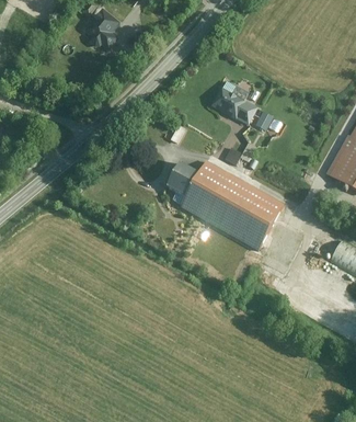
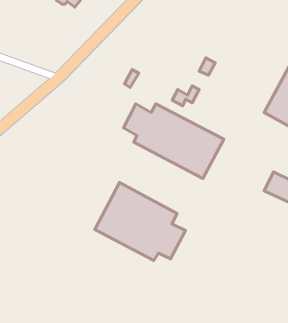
building: [209,85,244,117] -> none
building: none -> [95,183,185,261]

